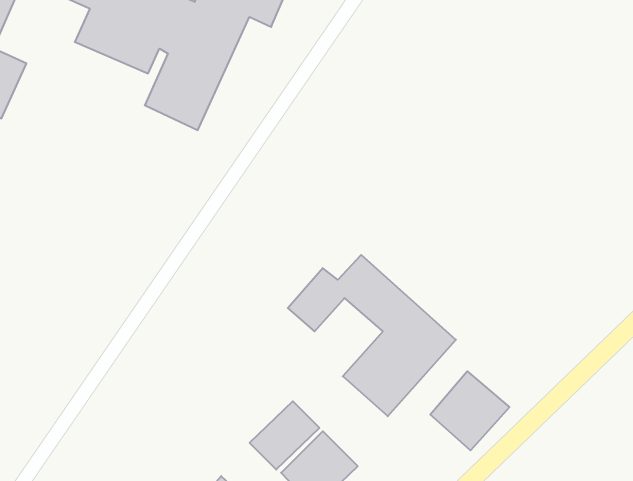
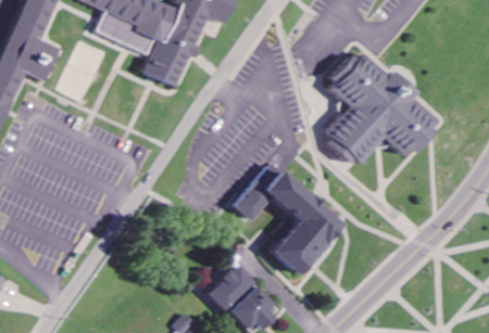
building: none -> [322,48,438,168]
building: [430,371,509,450] -> none

